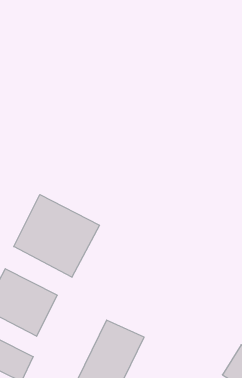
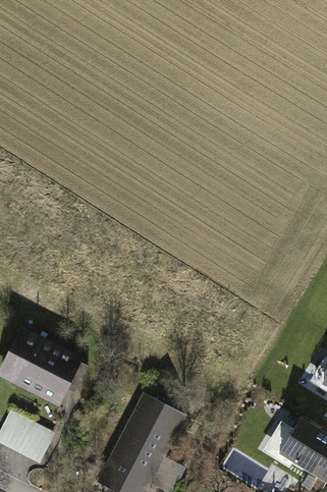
building: [14,195,99,277] -> none

